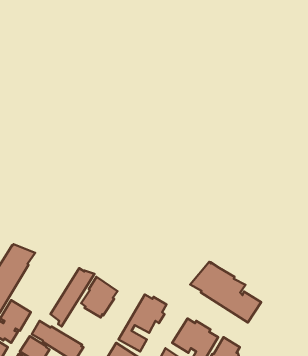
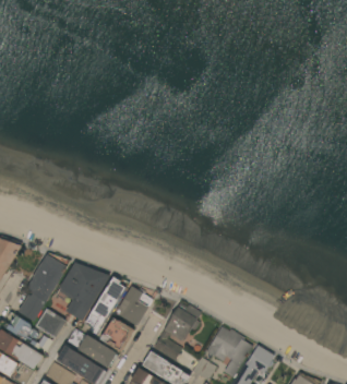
building: none -> [55,262,110,322]
building: [190,262,261,323] -> none
building: none -> [100,319,132,351]

